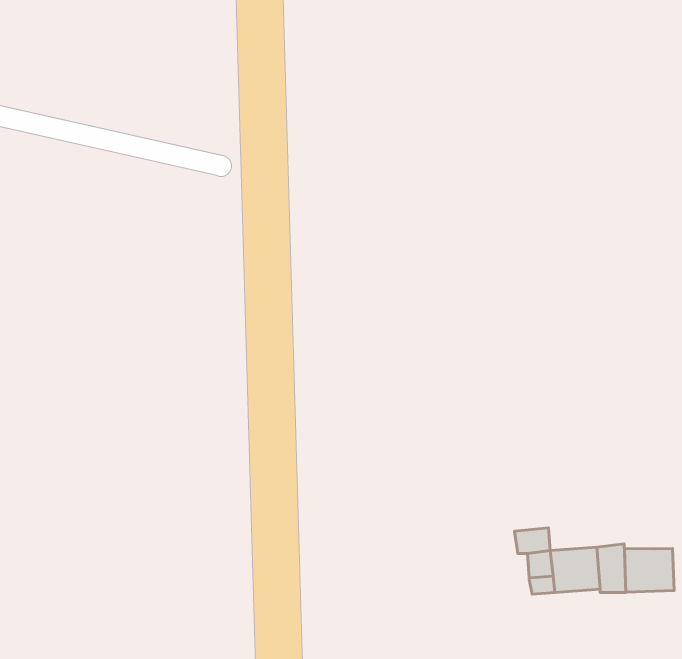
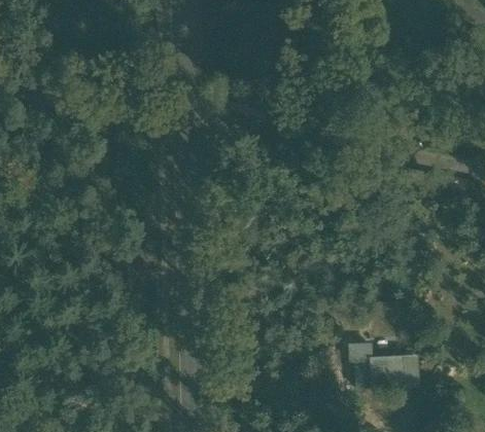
building: [624,549,674,592] -> none

